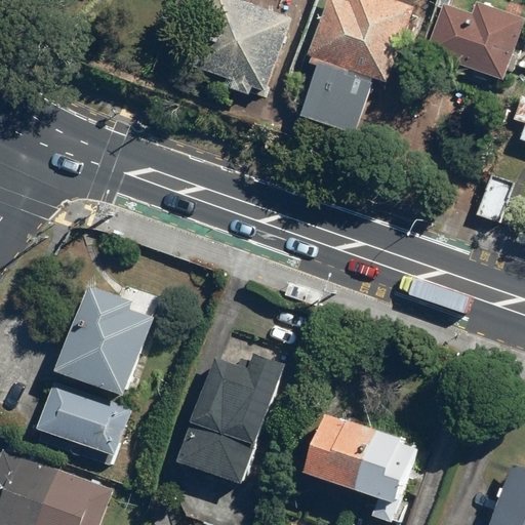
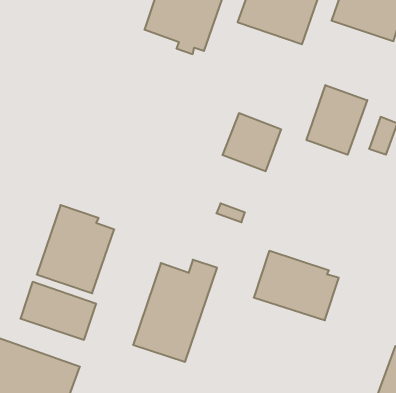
building: [302,62,376,134] -> [222,113,281,171]
building: none -> [307,85,367,155]
building: [309,413,415,500] -> [254,251,339,320]

